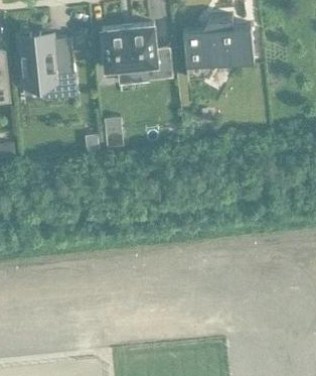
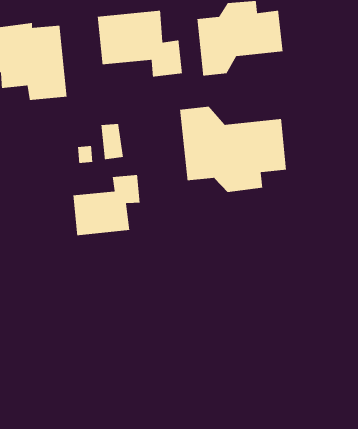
building: none -> [179,106,287,193]
building: none -> [72,174,140,236]

